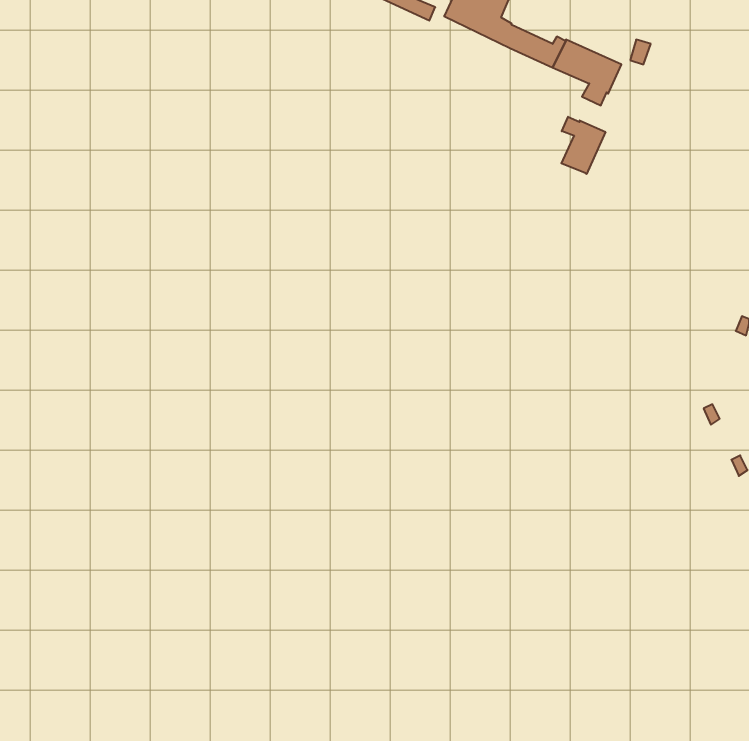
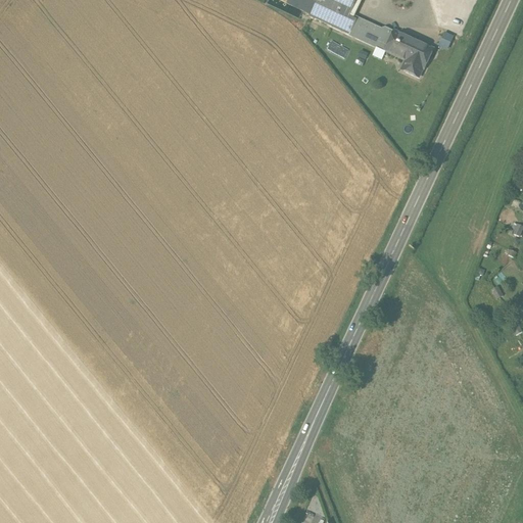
building: [561,117,605,174] -> none

